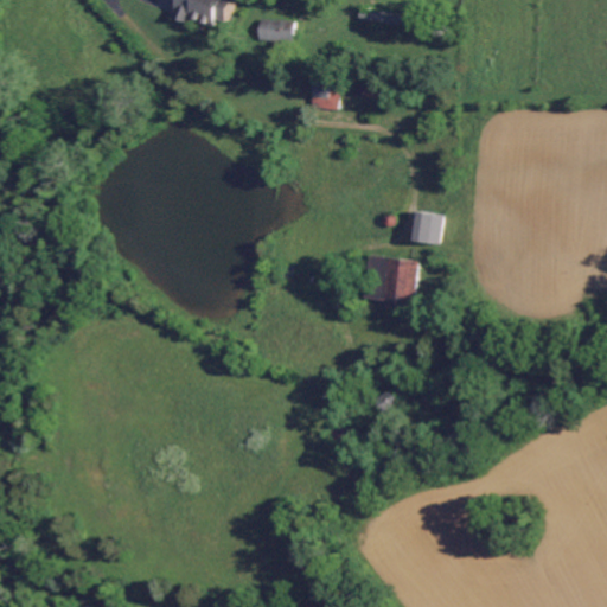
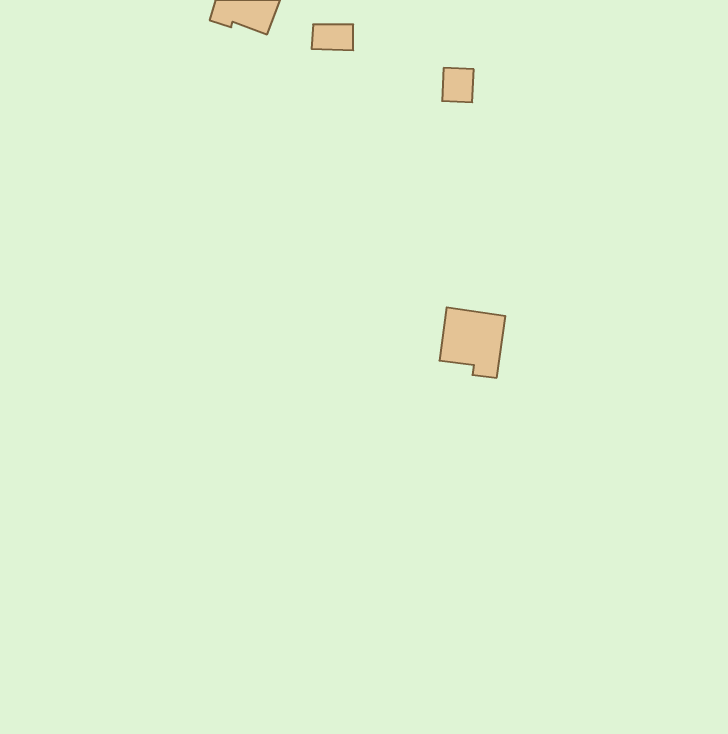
building: [311,82,337,110] -> [442,68,474,102]
building: [409,211,441,243] -> none

